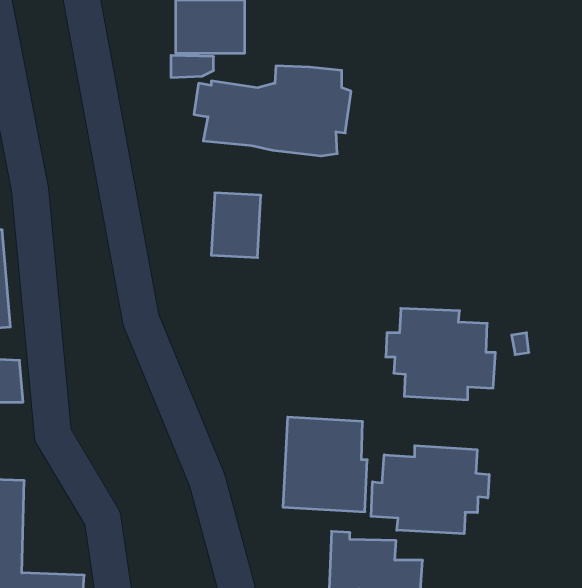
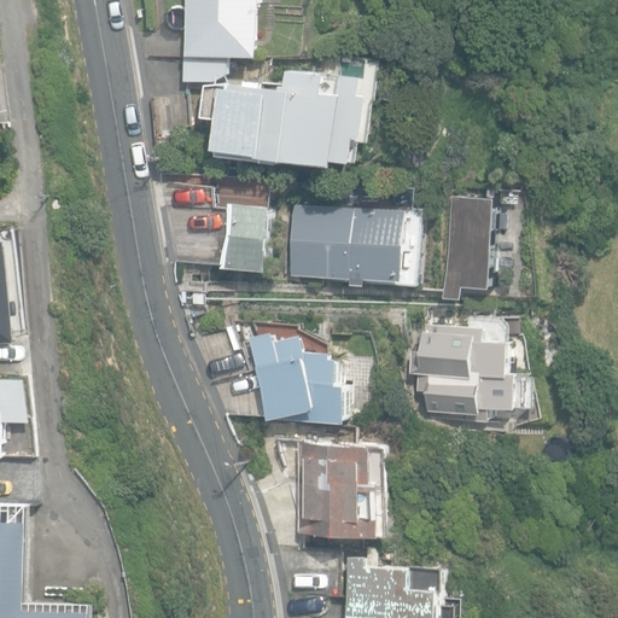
building: none -> [441,198,492,301]
building: none -> [286,206,402,280]
building: none -> [247,333,348,422]
building: [371,446,489,534] -> none

